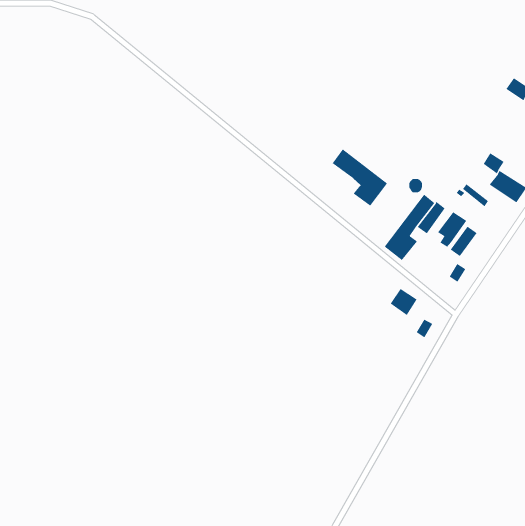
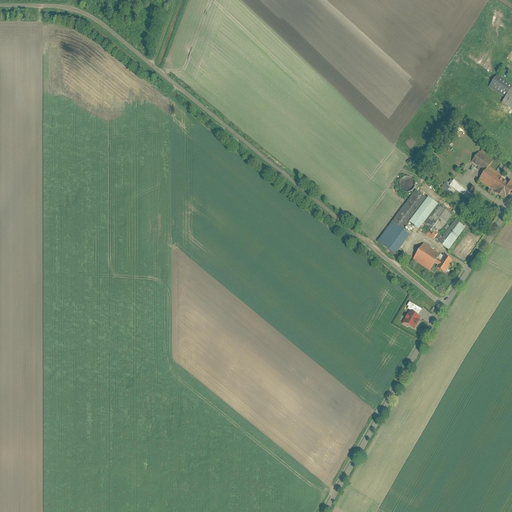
building: [332,149,388,207] -> none
building: [390,288,418,316] -> [414,243,441,270]

